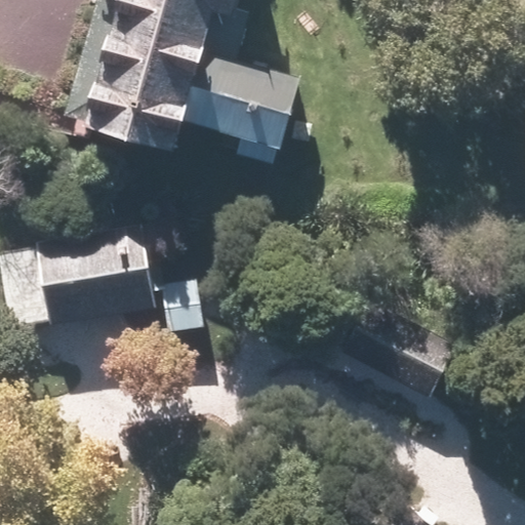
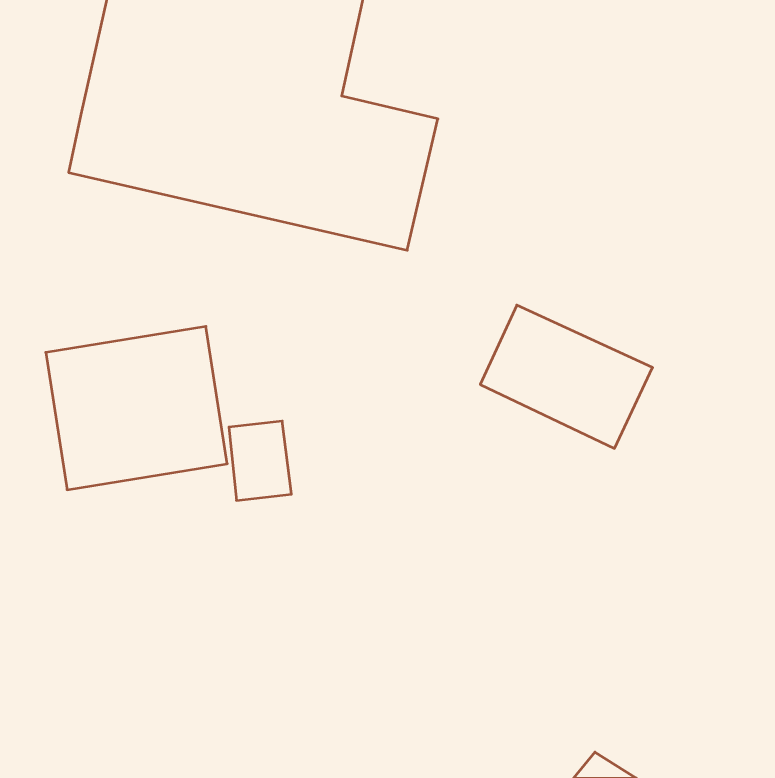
building: [338,300,454,397] -> [480,305,653,448]

